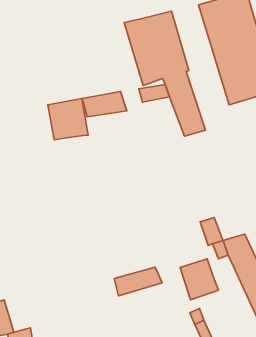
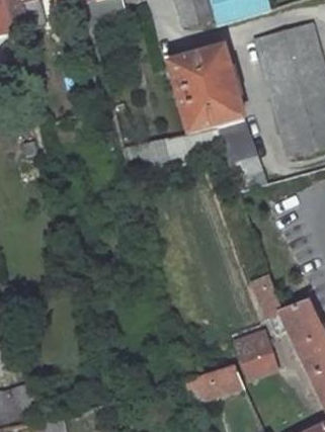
building: [48,98,88,140] -> none
building: [114,267,162,296] -> [185,363,241,397]

